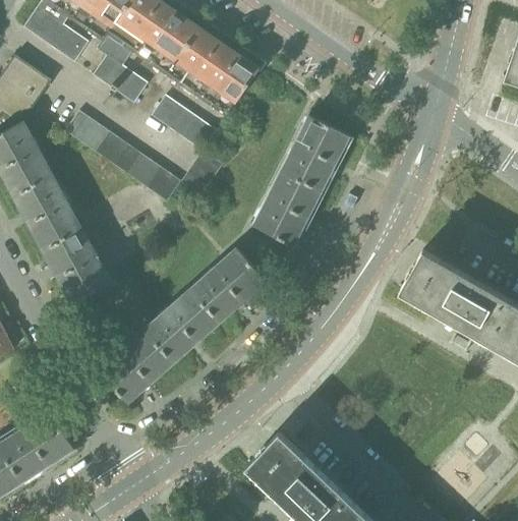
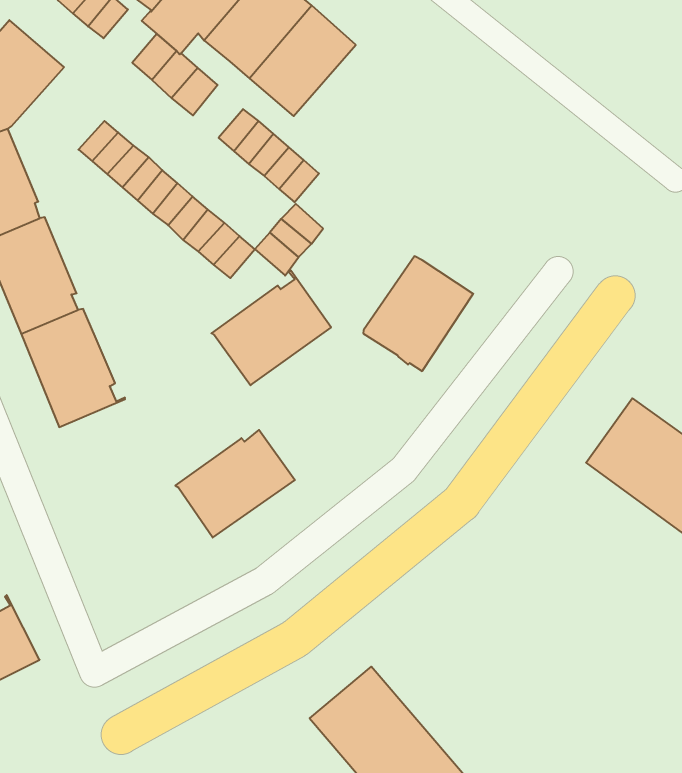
building: [196,49,260,117] -> none
building: [280,115,349,194] -> none
building: [193,247,267,321] -> [211,270,331,385]
building: [99,333,174,402] -> none

